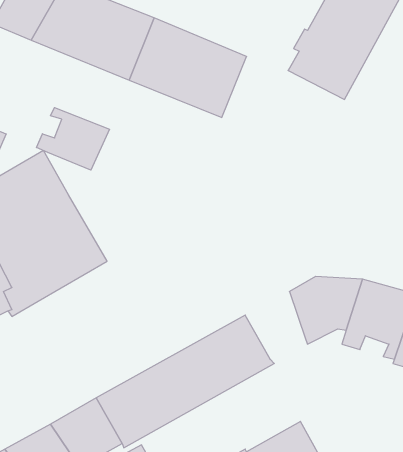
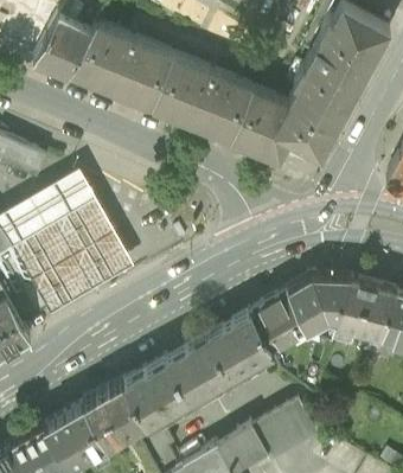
building: none -> [232,88,338,159]
building: [37,108,110,170] -> none
building: none -> [252,289,305,347]

